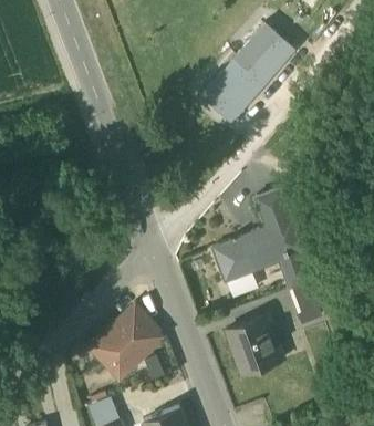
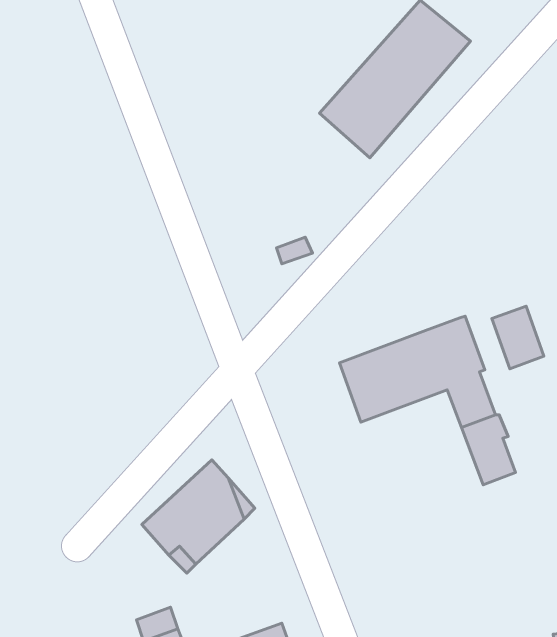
building: [256,189,288,228] -> [492,306,544,369]
building: [226,315,283,373] -> none

